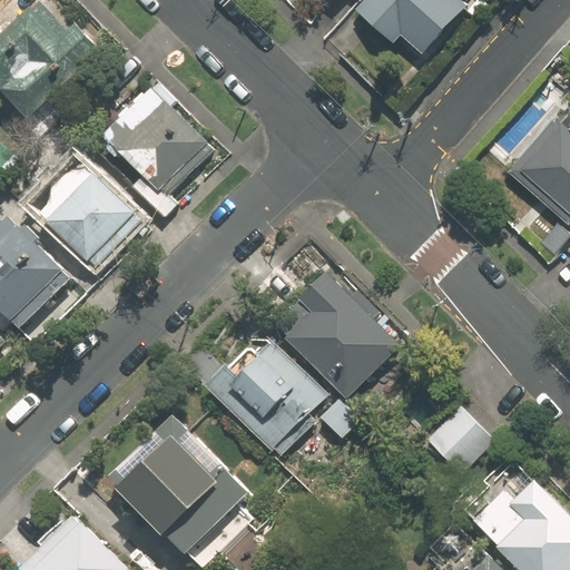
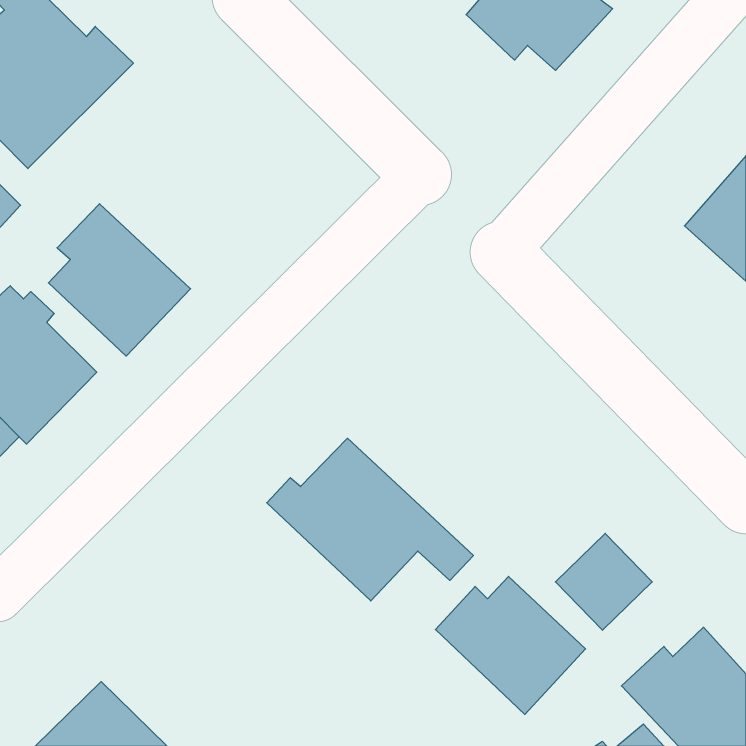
building: [104,80,214,217] -> none
building: [283,273,400,399] -> none
building: [105,414,252,561] -> none
building: none -> [435,576,586,714]

